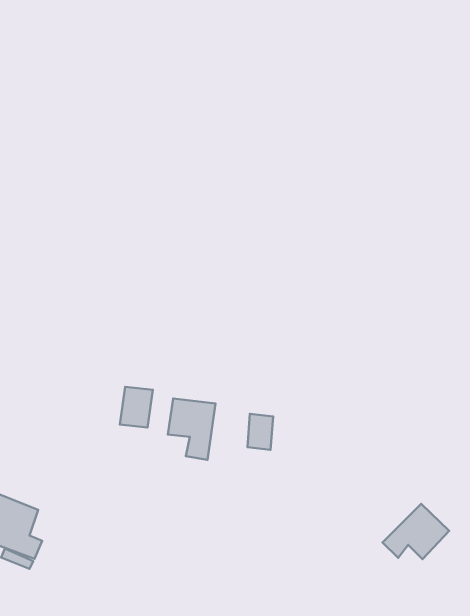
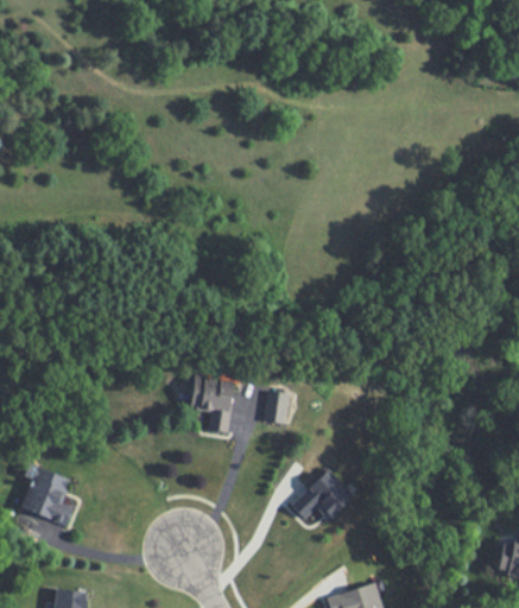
building: [120,387,153,427] -> none
building: [383,504,449,559] -> [292,469,354,520]

